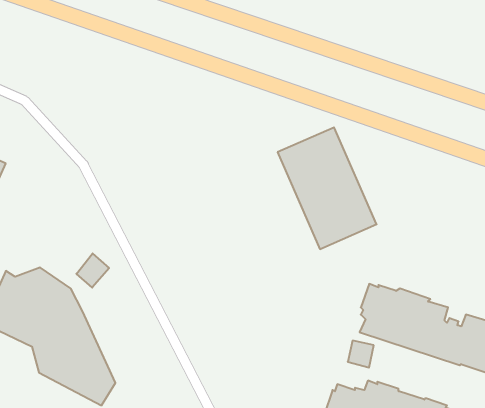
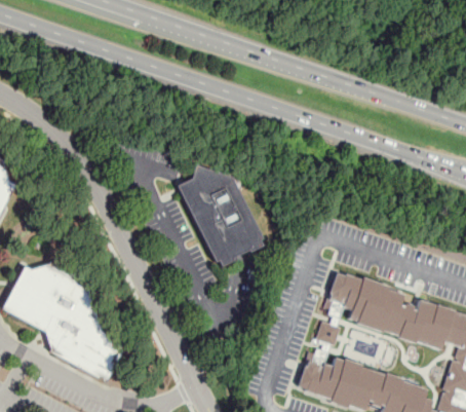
building: [278,127,377,249] -> [179,161,265,267]
building: [76,253,109,288] -> none

